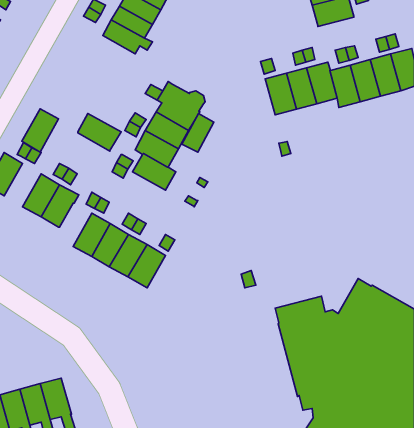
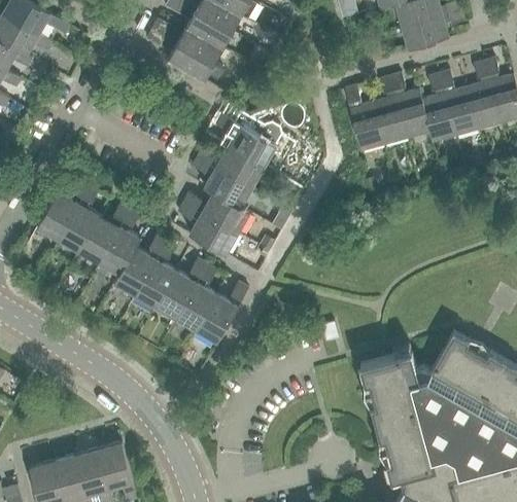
building: [22,109,59,152] -> [58,204,99,252]
building: [78,114,121,151] -> [189,213,238,255]
building: [182,114,214,152] -> none
building: none -> [113,248,156,296]

